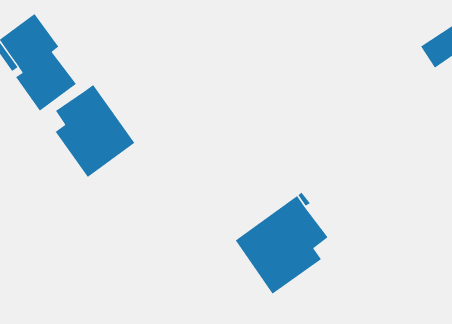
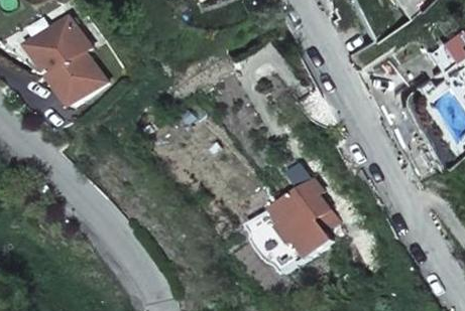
building: [55,84,135,178] -> none

